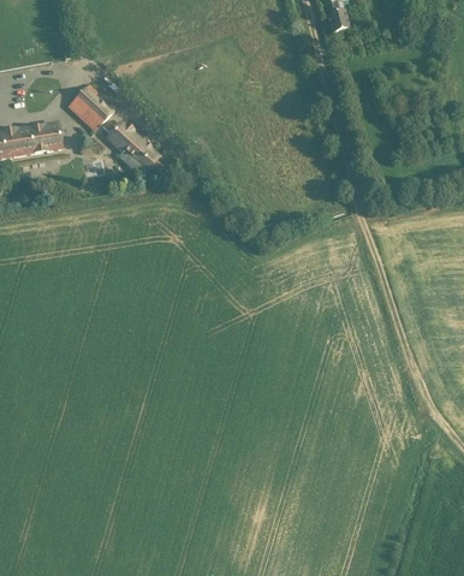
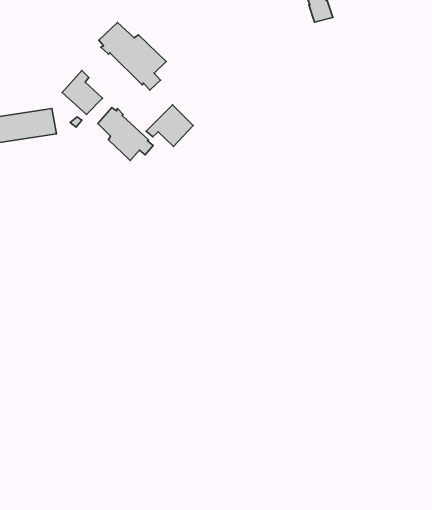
building: none -> [99,23,166,90]
building: none -> [146,105,193,147]

